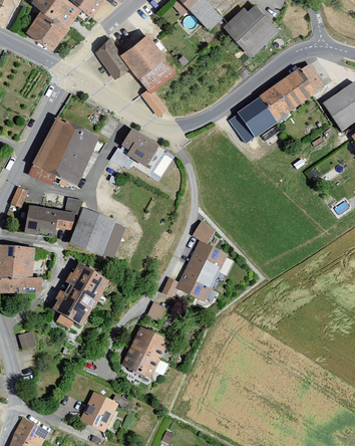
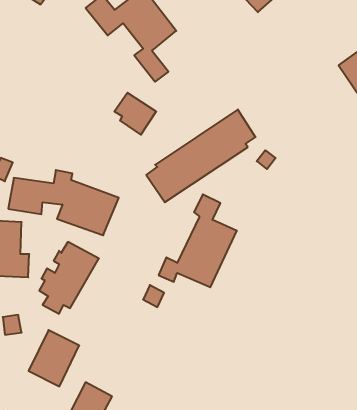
building: [229,61,328,146] -> [146,109,256,202]
building: [29,114,100,186] -> none
building: [122,327,168,379] -> [29,330,79,386]

